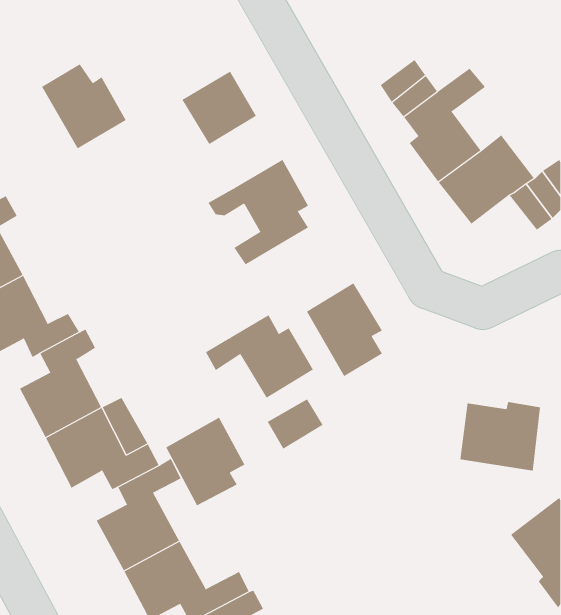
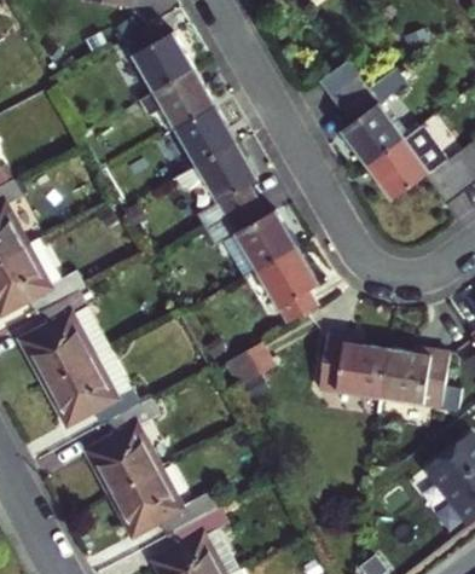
building: [41,63,127,149] -> [127,28,198,99]
building: none -> [180,112,242,173]
building: [205,314,314,398] -> [210,205,301,276]
building: none -> [328,337,395,399]
building: [165,417,245,506] -> none

